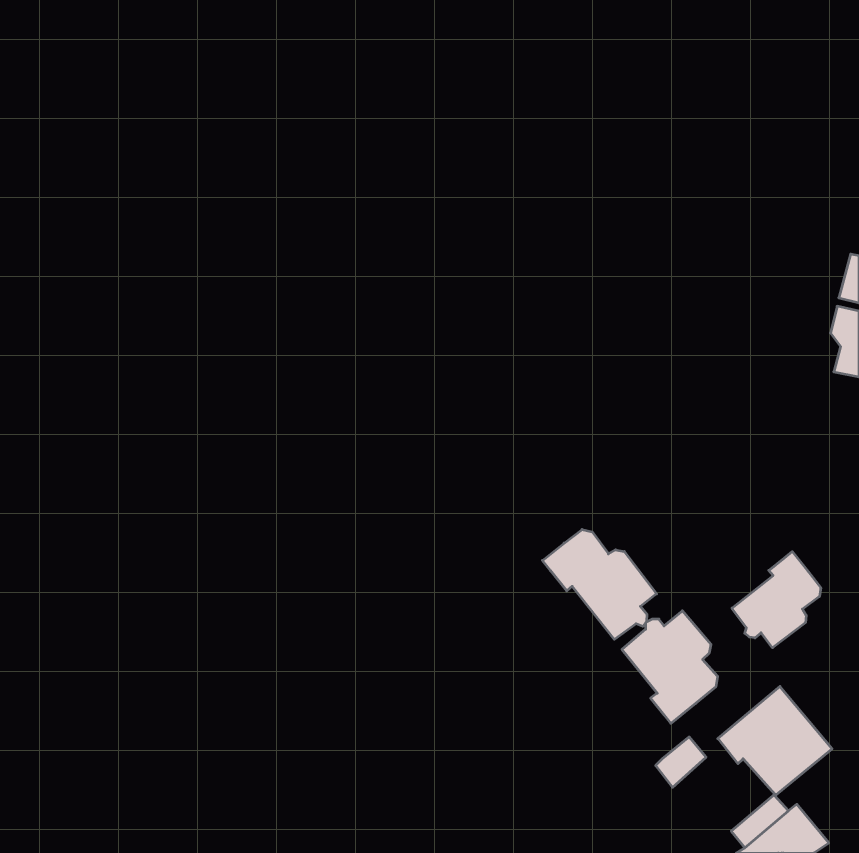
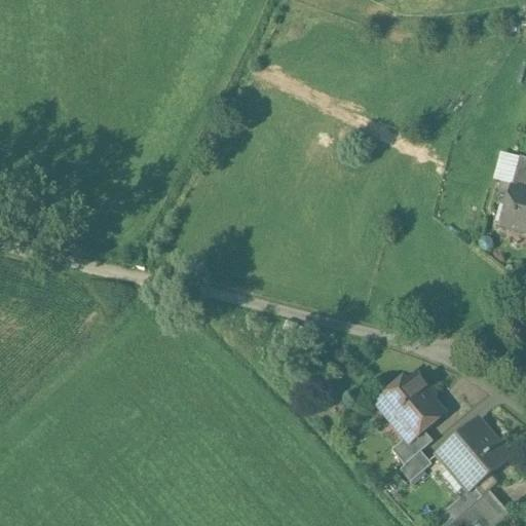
building: [542,529,657,639] -> none
building: [732,552,821,648] -> none
building: none -> [392,429,434,463]

